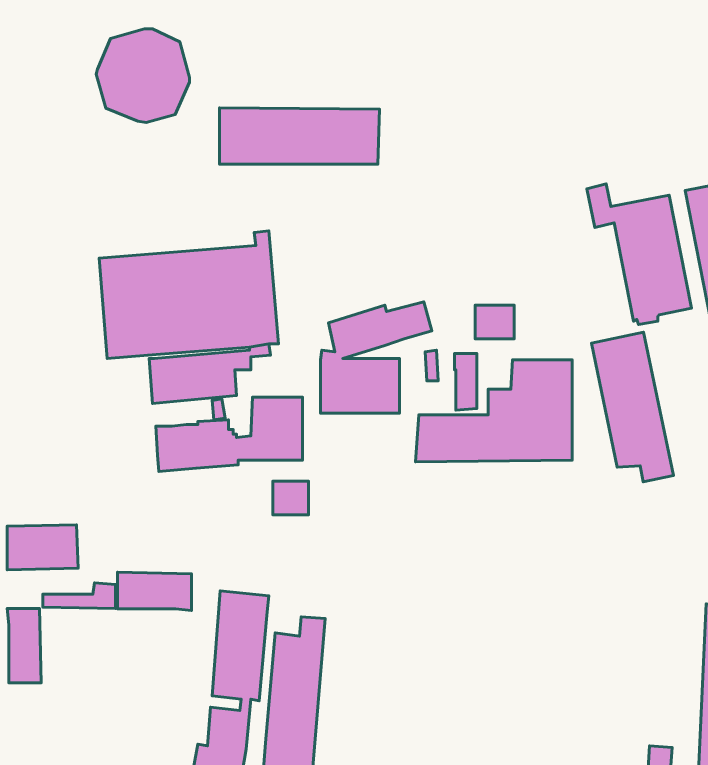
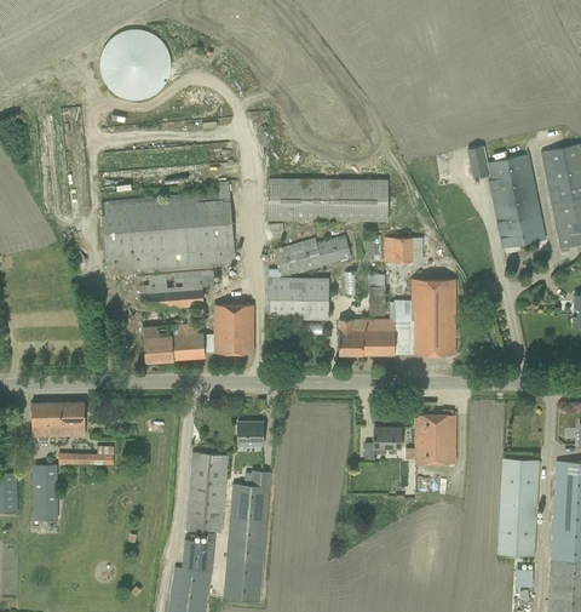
building: [220,108,379,164] -> [268,178,387,221]
building: [592,332,673,482] -> none
building: [273,481,308,515] -> [236,421,263,446]
building: none -> [415,416,454,464]
building: none -> [364,428,401,458]
building: [118,572,192,611] -> none
building: none -> [496,458,540,556]

